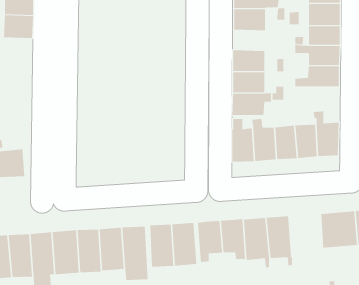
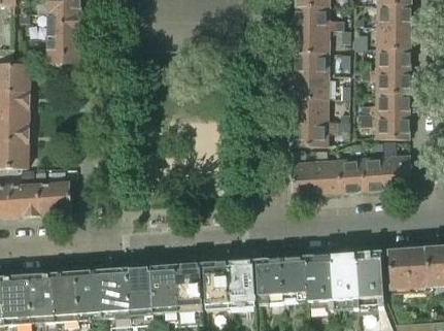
building: none -> [295,53,331,75]
building: none -> [357,114,410,137]
building: none -> [355,253,384,306]

